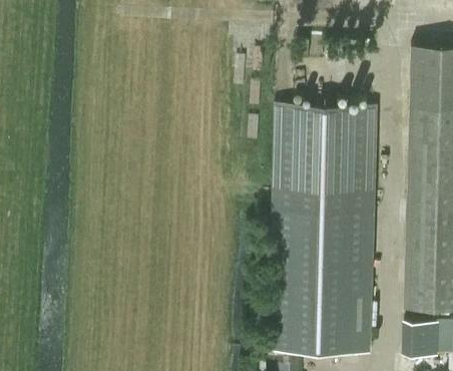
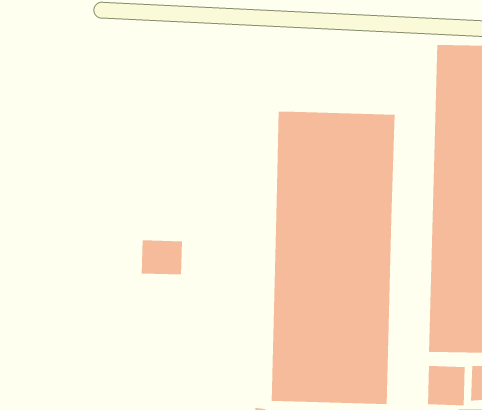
building: none -> [141,240,183,275]

